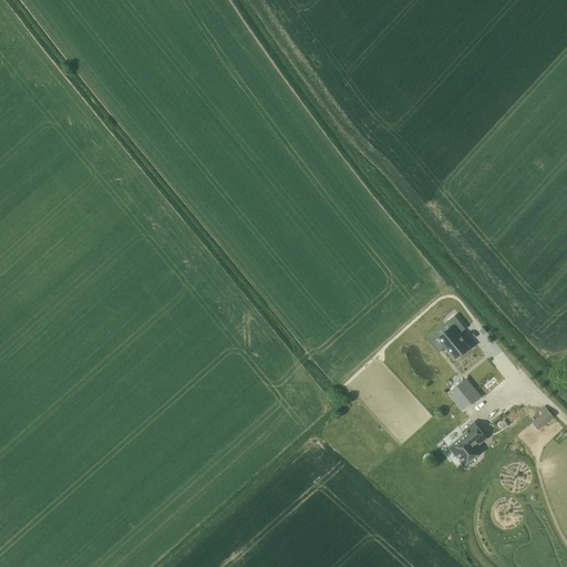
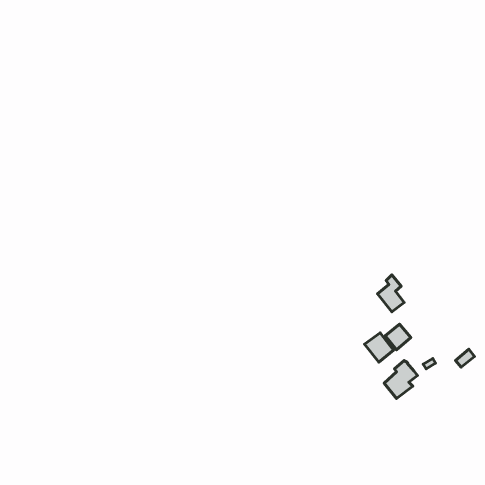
building: none -> [364,333,393,362]

